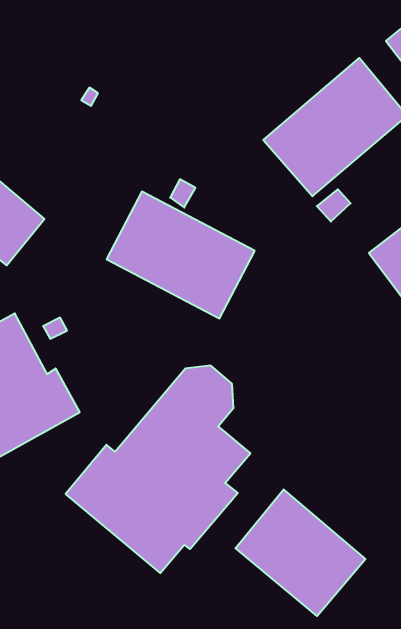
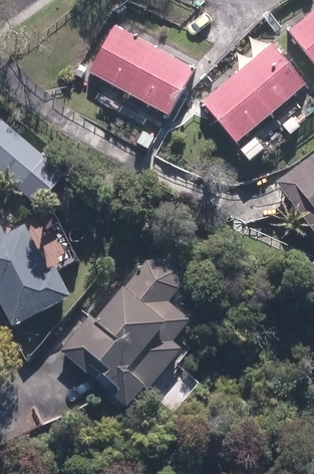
building: [107,192,255,319] -> [87,24,193,114]
building: [235,489,365,616] -> none

